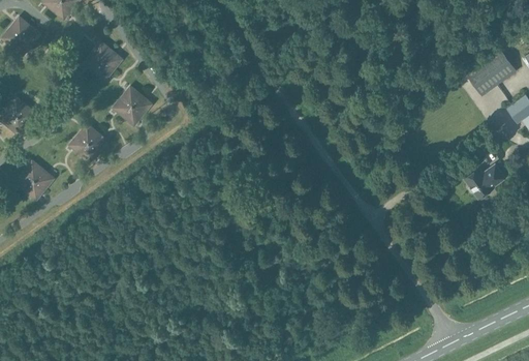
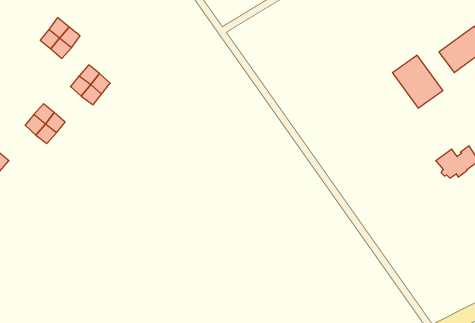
building: none -> [393,55,443,108]

